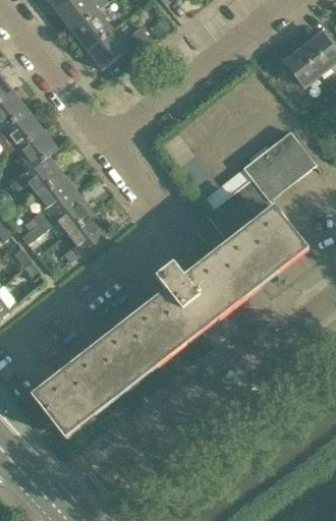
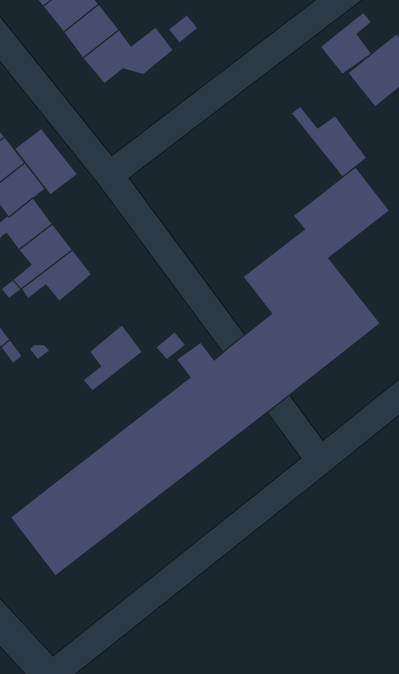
building: none -> [320,12,372,75]
building: none -> [291,106,367,177]
building: none -> [14,128,77,195]
building: [62,212,107,262] -> [83,325,143,391]

